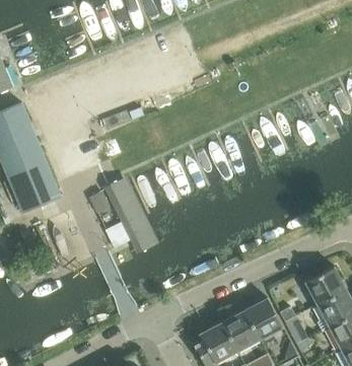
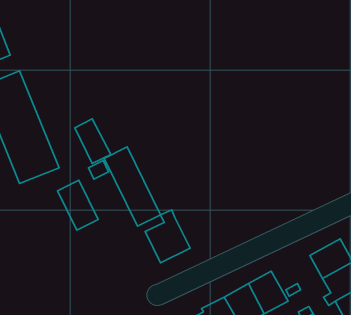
building: none -> [75,119,111,164]
building: none -> [57,180,98,230]
building: none -> [145,210,190,263]

